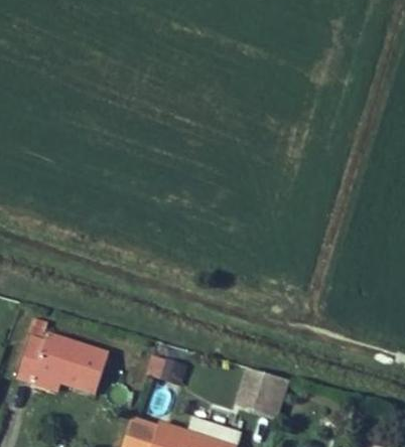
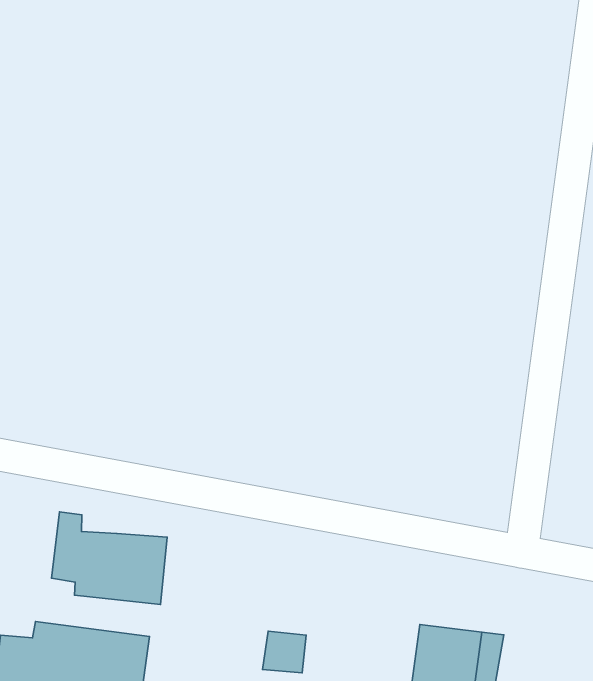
building: none -> [51,512,167,604]

